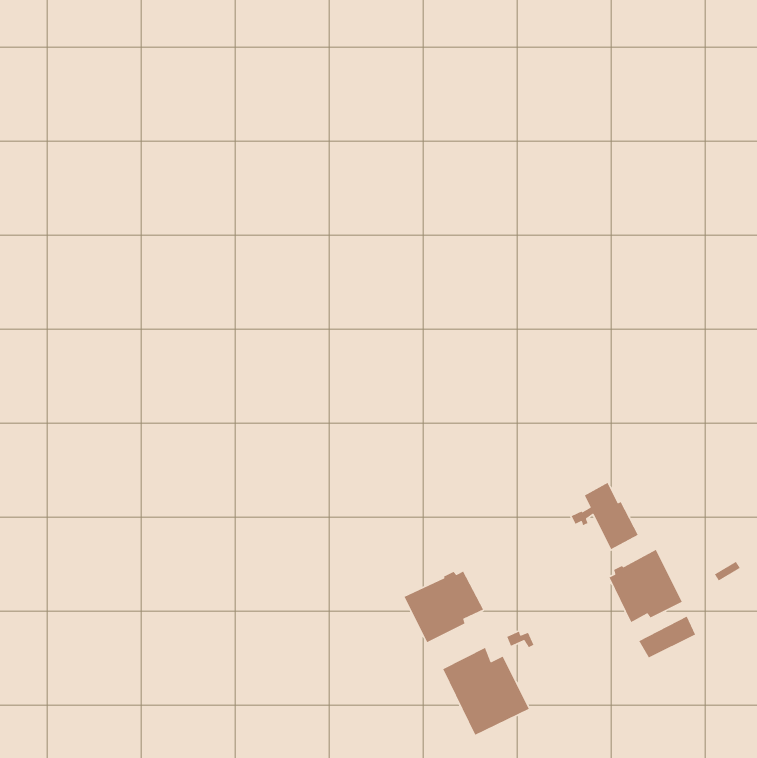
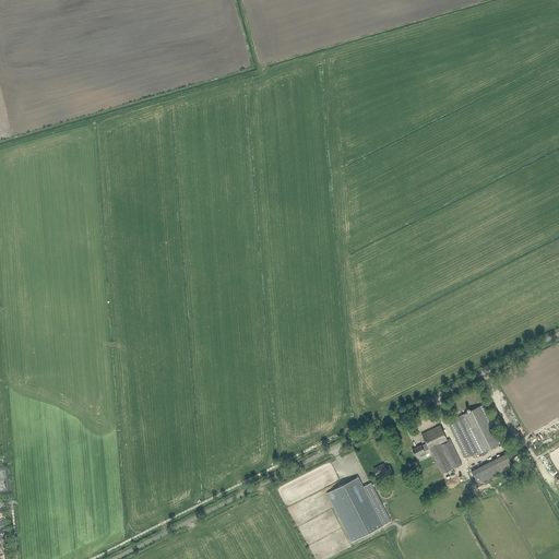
building: [571,482,639,550] -> [412,425,462,475]
building: [404,571,484,643] -> none

